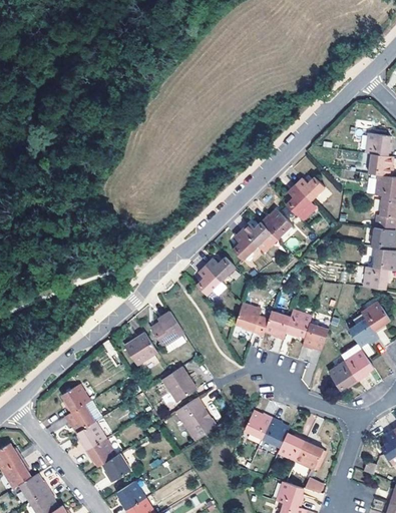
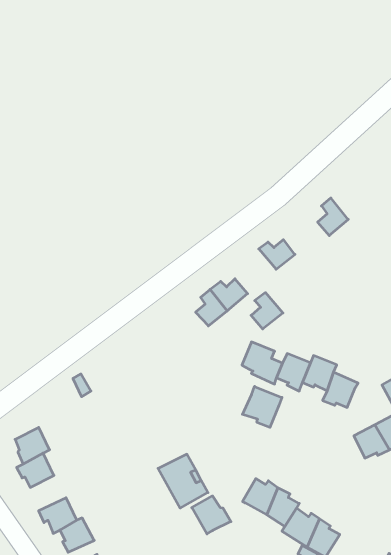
building: [297,175,327,200] -> none
building: [262,208,292,237] -> none
building: [233,229,258,259] -> [251,293,283,329]
building: [151,310,184,346] -> none
building: [126,332,159,365] -> none
building: none -> [242,386,282,427]
building: [162,366,196,400] -> none
building: [76,422,105,451] -> none
building: none -> [192,496,231,534]

